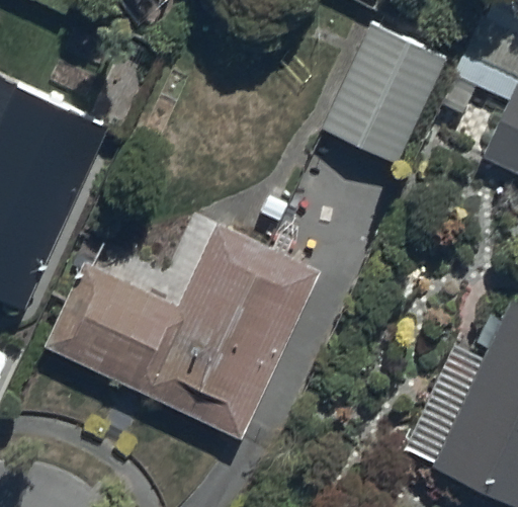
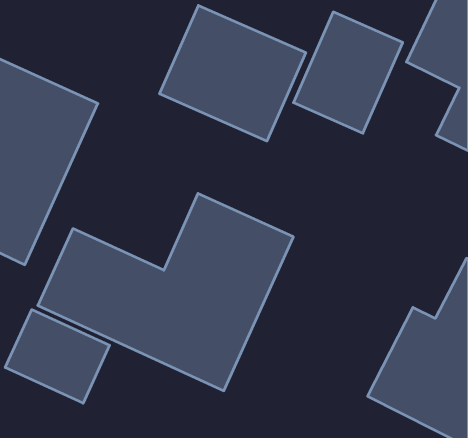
building: none -> [160,5,306,141]
building: none -> [5,310,110,403]

